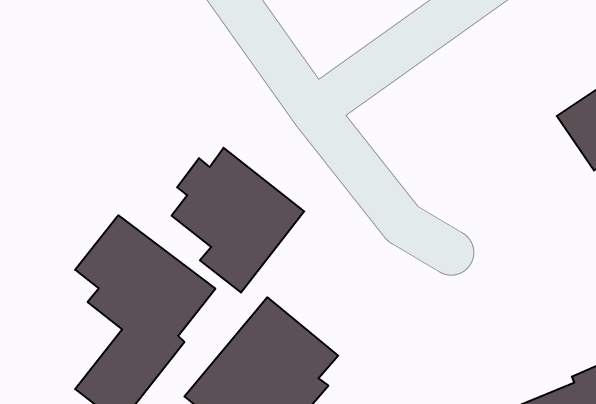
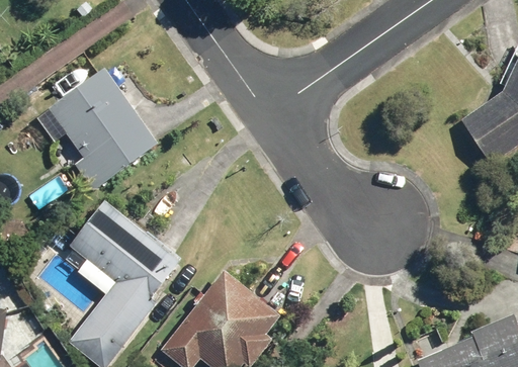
building: none -> [36,66,160,190]
building: [172,148,304,293] -> none

